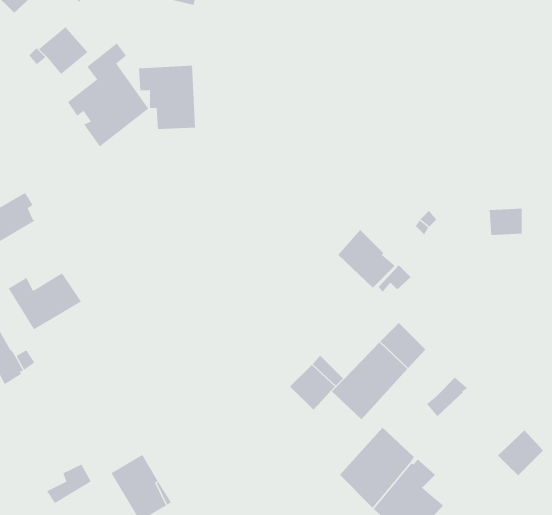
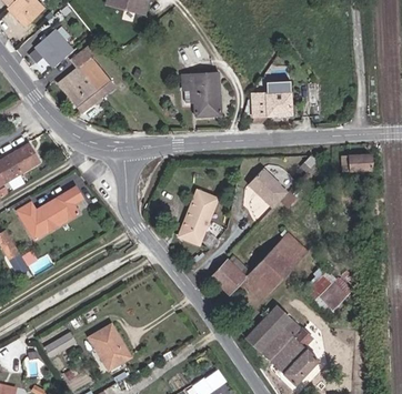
building: [138,65,196,129] -> [181,71,221,115]
building: none -> [250,80,292,115]
building: none -> [54,186,82,219]
building: none -> [178,192,217,246]
building: [497,430,544,476] -> [313,281,345,313]

